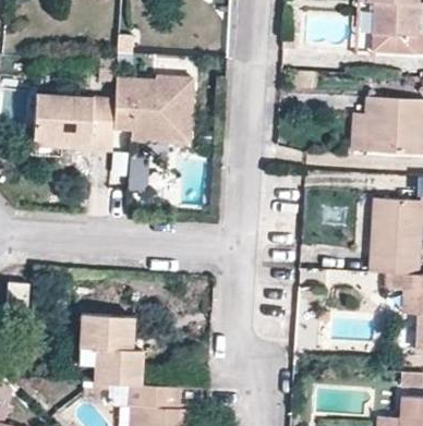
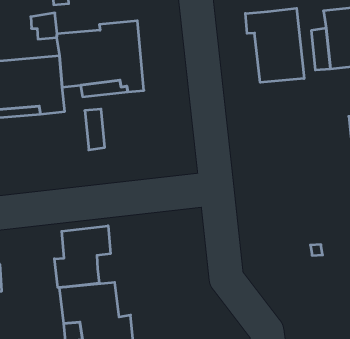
building: none -> [245,8,304,82]
building: none -> [54,226,110,287]

